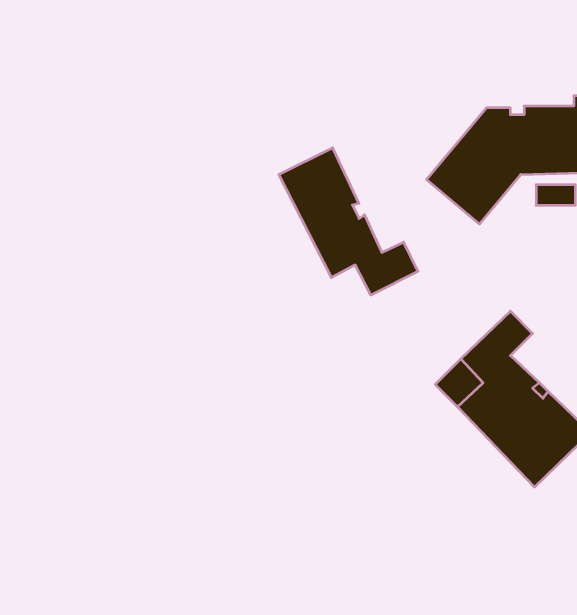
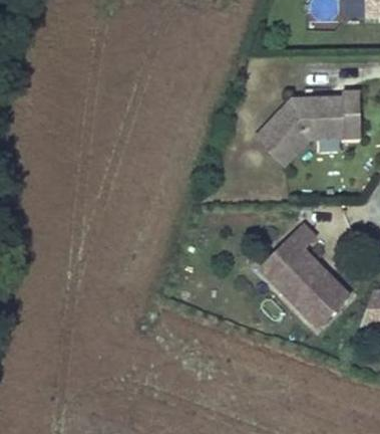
building: [279,148,418,295] -> none

